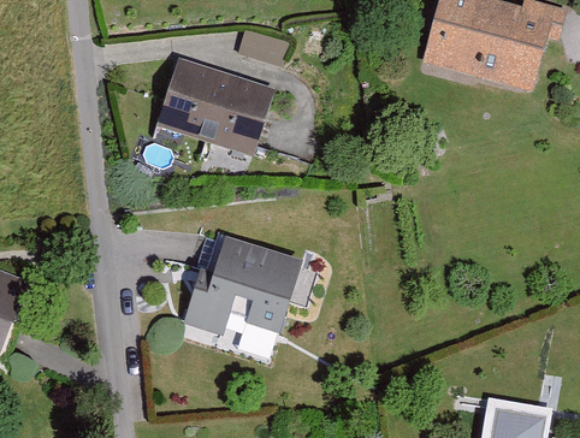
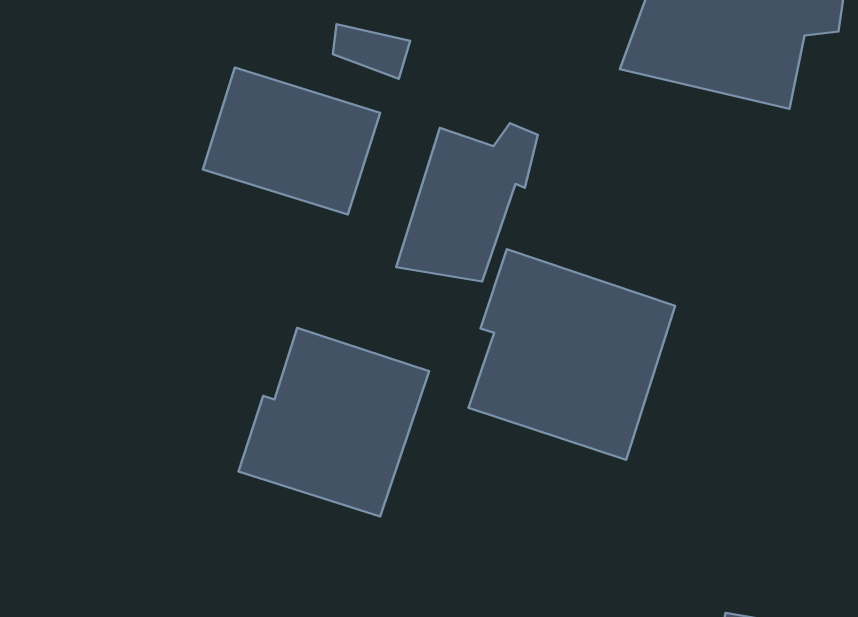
building: none -> [396,123,538,282]
building: none -> [468,249,675,460]

